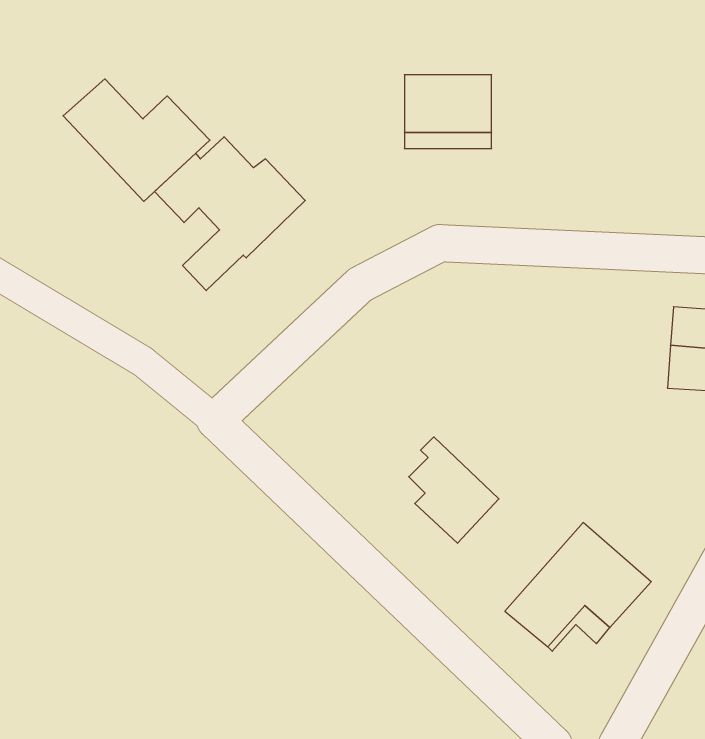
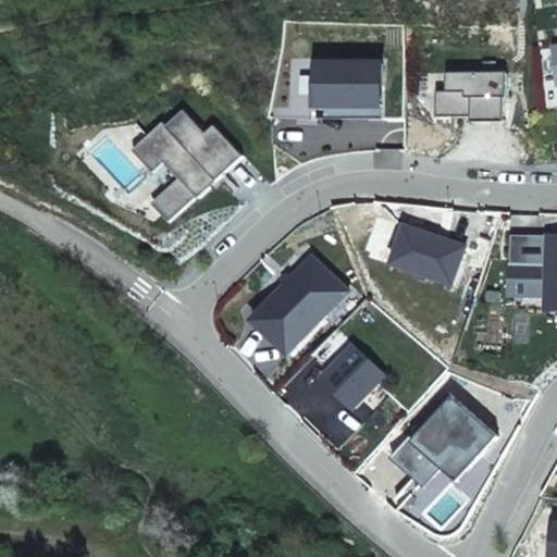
building: [63,79,210,201] -> none
building: none -> [434,73,504,123]
building: none -> [391,224,466,284]
building: none -> [250,253,346,350]

